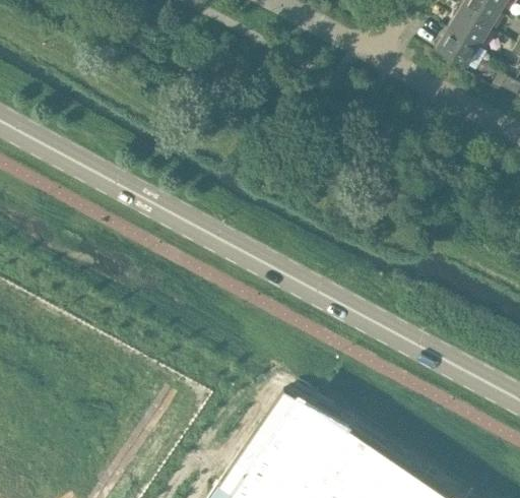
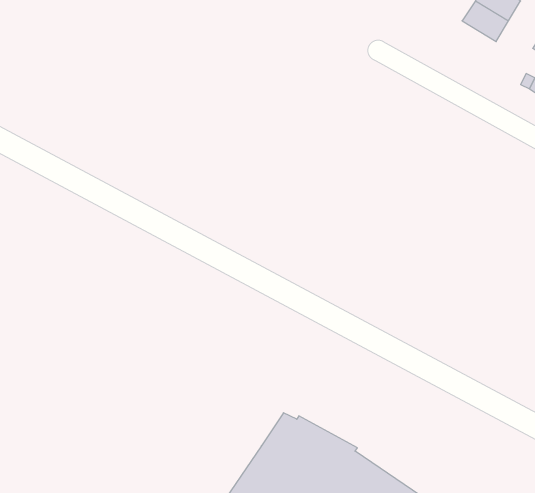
building: [434,34,476,72] -> none

